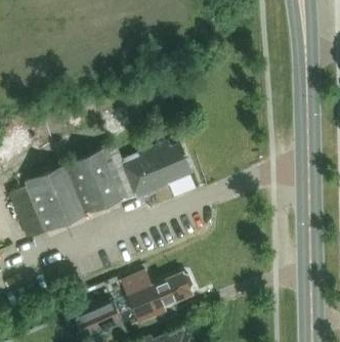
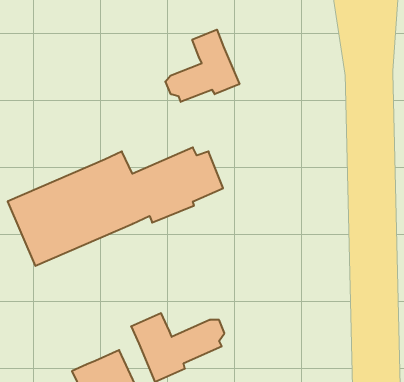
building: none -> [165,30,239,102]

